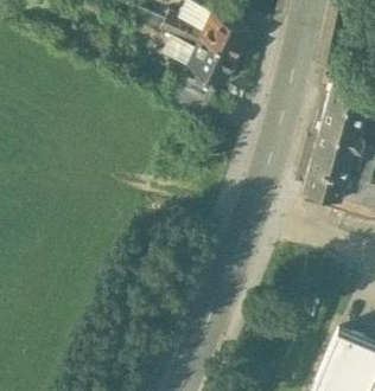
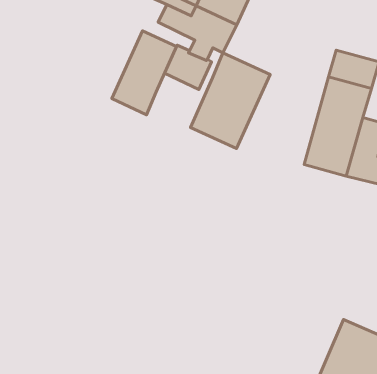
building: none -> [112,31,176,115]
building: none -> [190,53,270,149]

